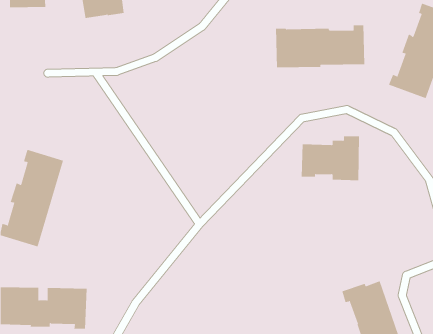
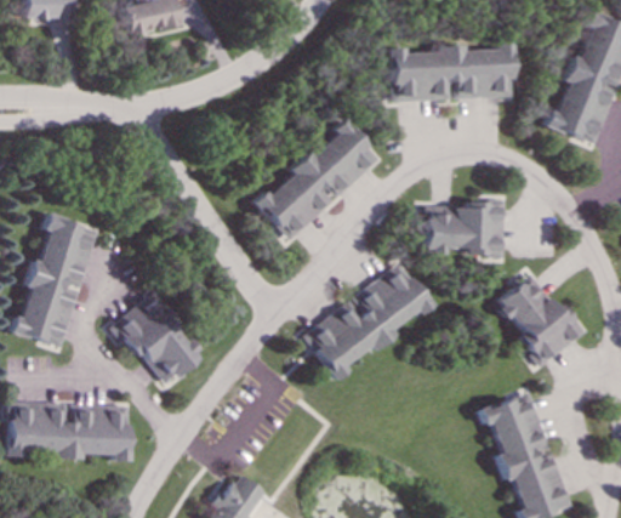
building: none -> [253,120,380,240]
building: none -> [302,264,432,380]
building: none -> [495,274,589,365]
building: none -> [112,295,204,385]

